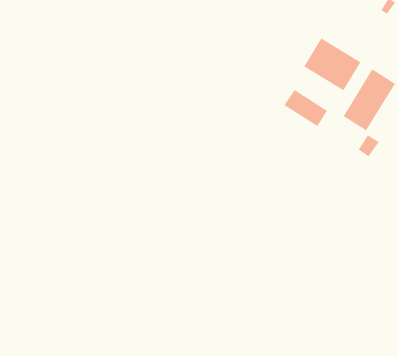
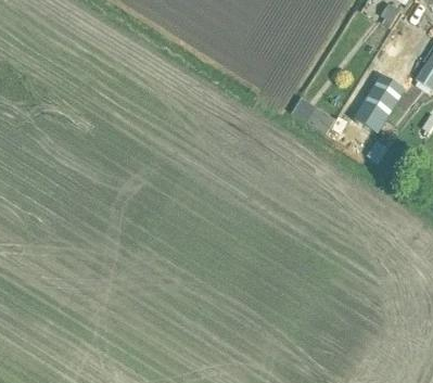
building: [304,37,361,91] -> none

